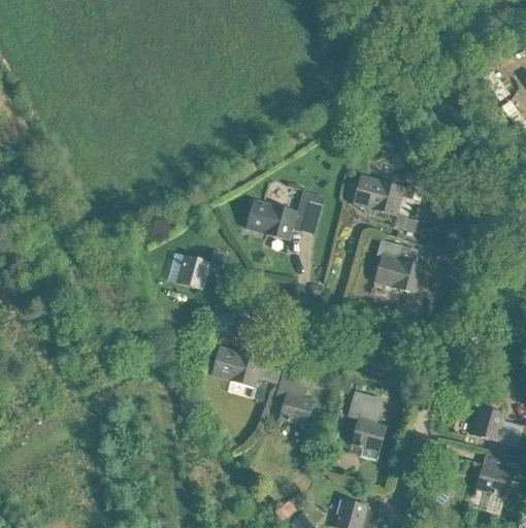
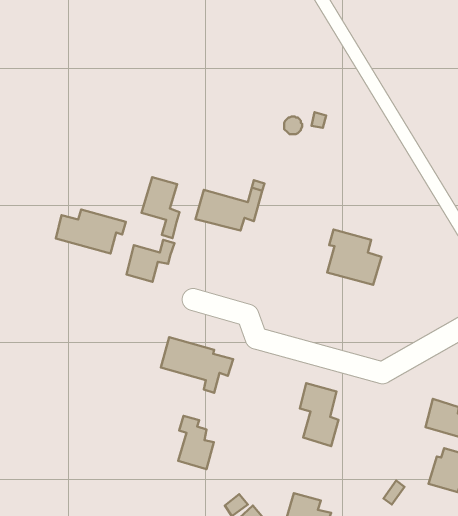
building: [352,175,422,231] -> none
building: none -> [141,177,179,238]
building: none -> [56,209,126,254]
building: [278,374,314,427] -> [178,416,214,469]

